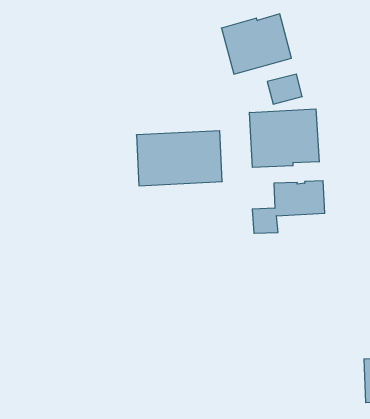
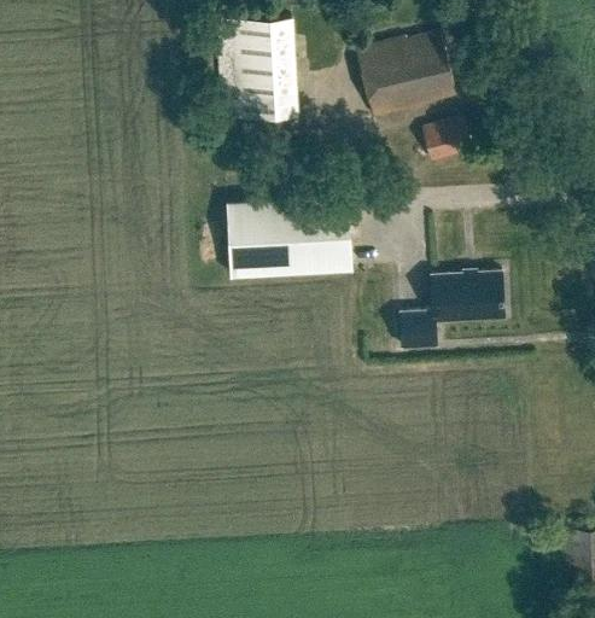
building: none -> [217,17,298,118]
building: [249,109,319,167] -> none

